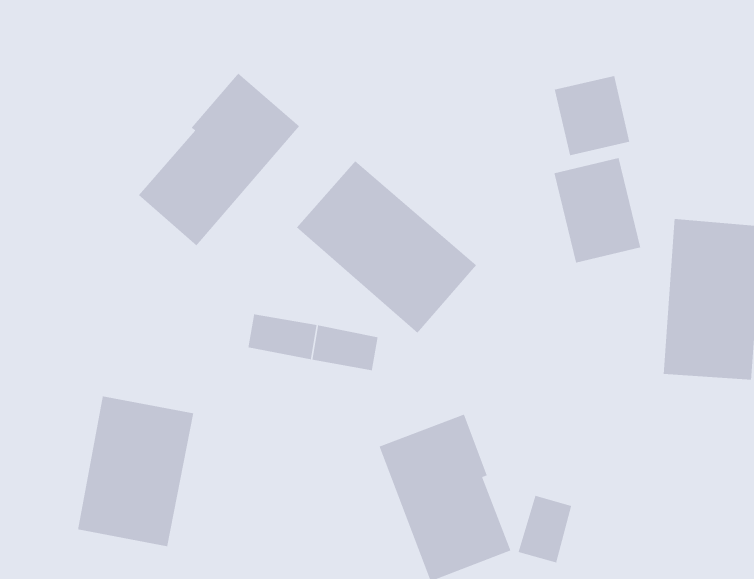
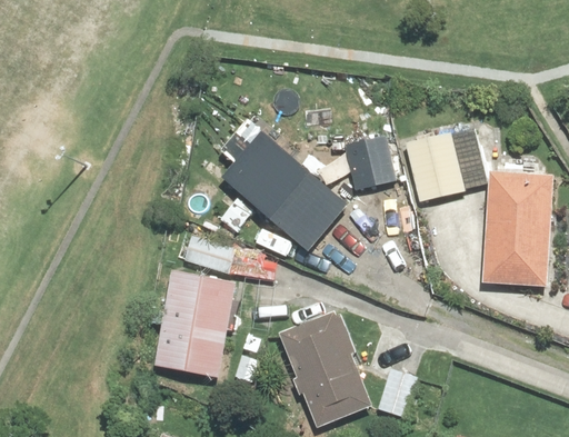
building: [138,72,300,246] -> none
building: [554,75,630,156] -> [342,132,397,190]
building: [77,396,194,547] -> [154,270,238,378]

